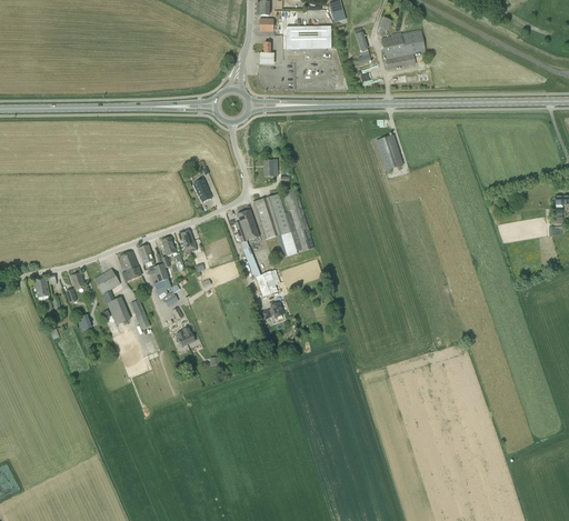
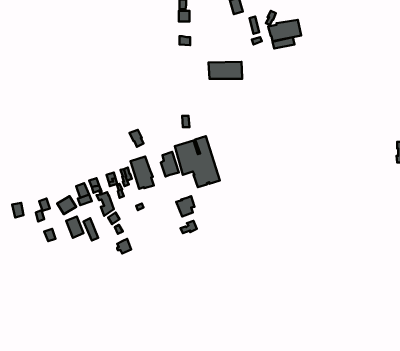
building: [286,26,331,49] -> [209,62,242,79]
building: [376,134,402,170] -> none
building: none -> [130,157,154,189]

